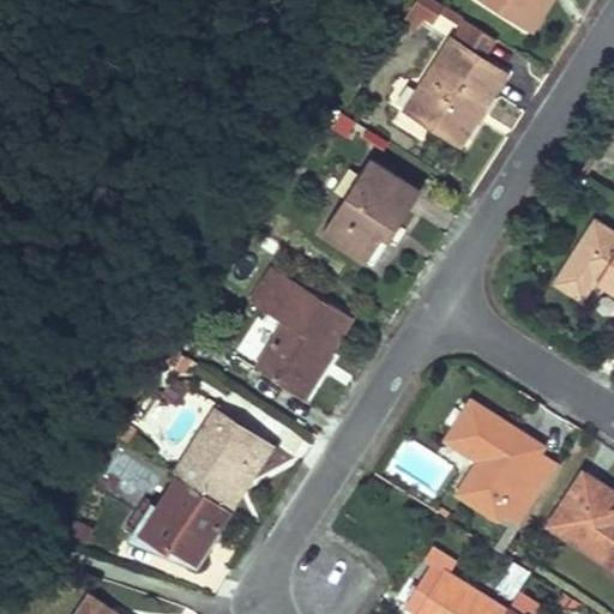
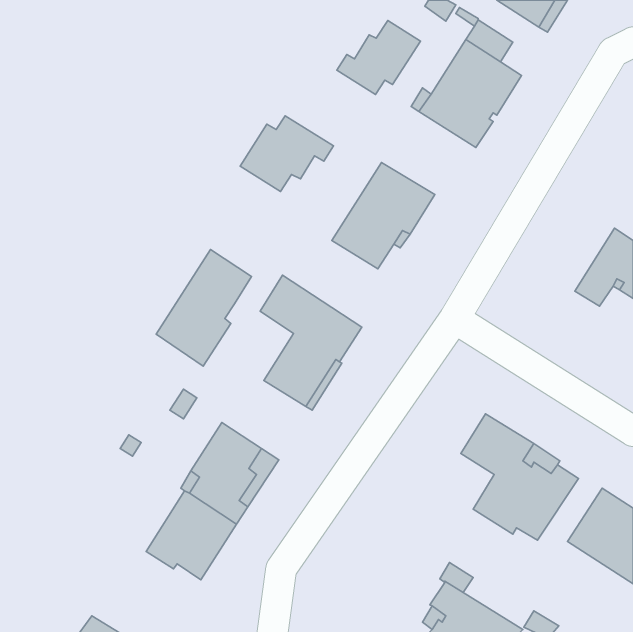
building: none -> [337,21,420,94]
building: none -> [240,116,333,192]
building: none -> [156,250,252,366]

